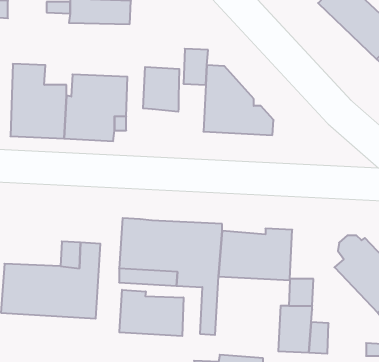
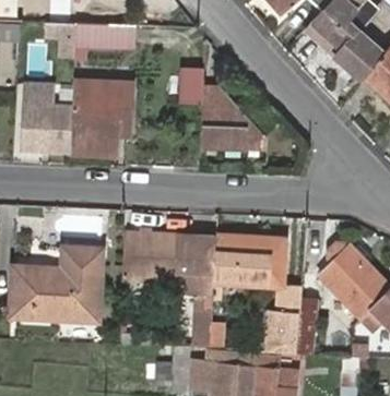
building: [143,67,179,112] -> none
building: [119,290,183,336] -> none

